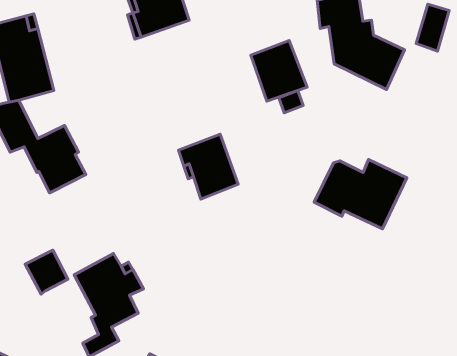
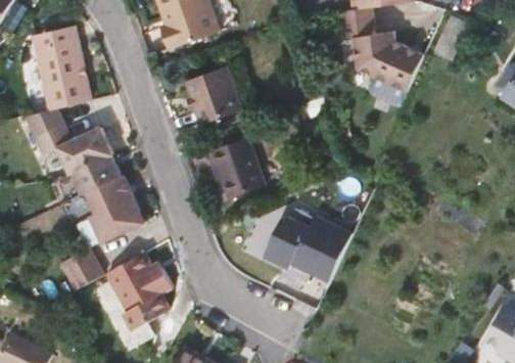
building: [251,40,307,101] -> [186,64,240,123]
building: [314,160,407,229] -> [262,217,350,283]
building: none -> [87,176,145,241]

